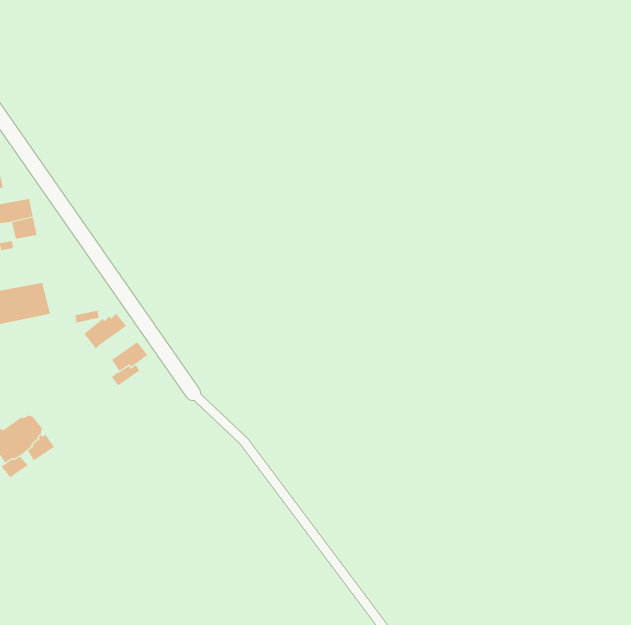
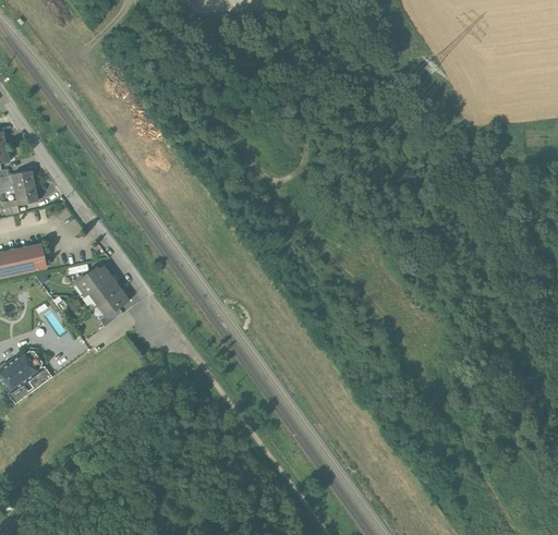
building: none -> [88,277,120,305]

